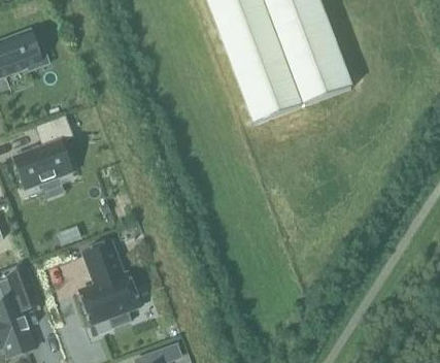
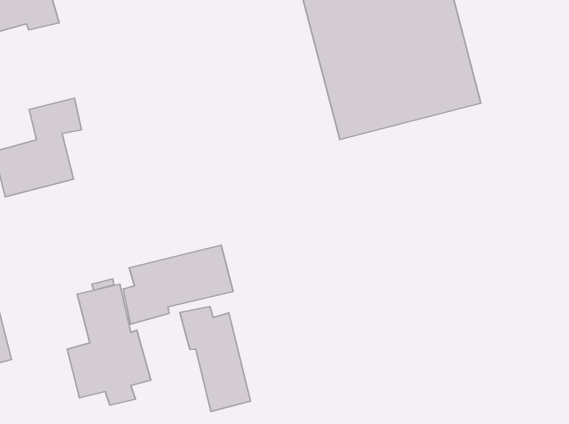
building: none -> [123,245,233,324]
building: none -> [180,306,251,412]

